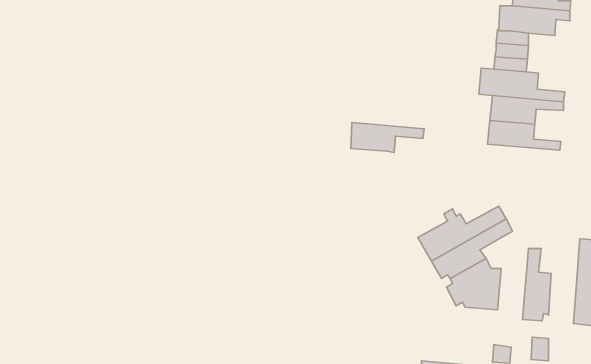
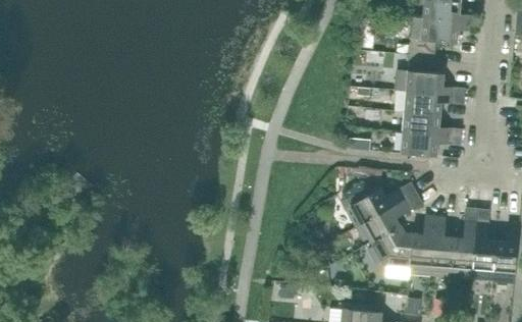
building: [351,122,424,152] -> [402,130,462,155]
building: none -> [453,207,478,277]
building: none -> [411,215,436,274]

